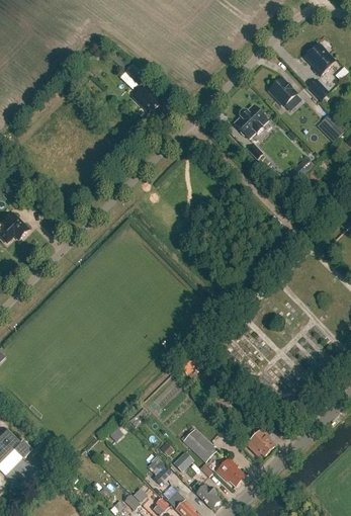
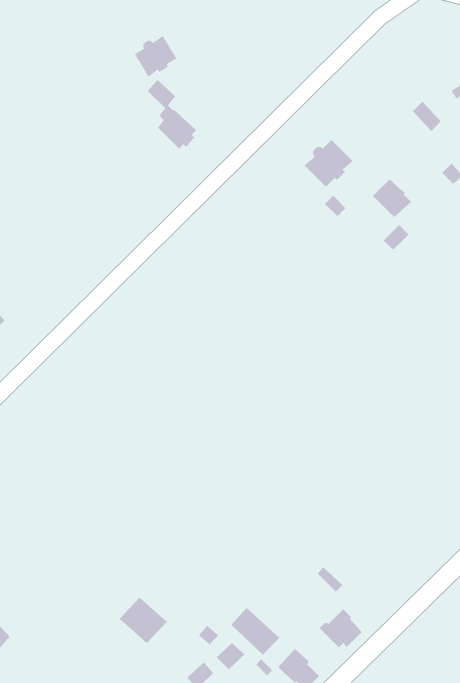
building: none -> [134,35,177,77]
building: [304,44,335,75] -> none
building: [269,78,296,105] -> [372,178,412,218]

